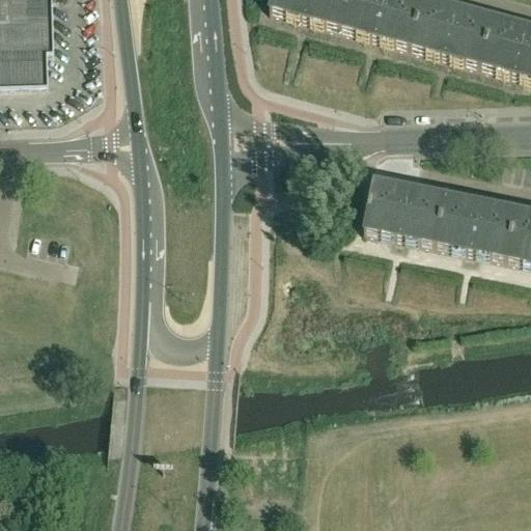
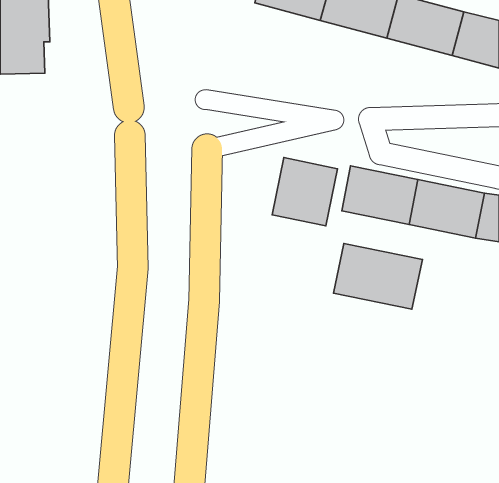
building: none -> [272,158,338,226]
building: none -> [333,243,422,309]

